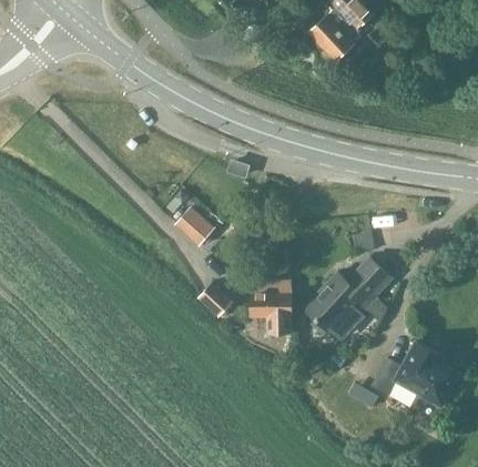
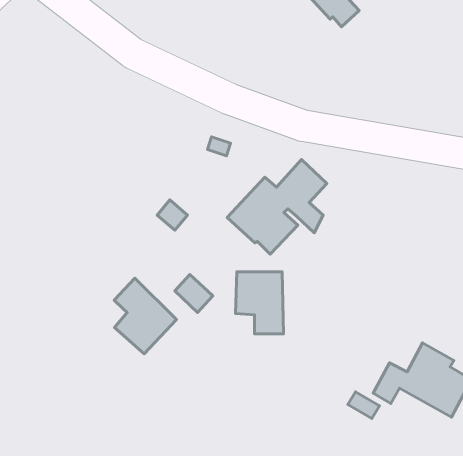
building: [303,258,390,342] -> [227,159,327,254]
building: none -> [114,278,176,354]

